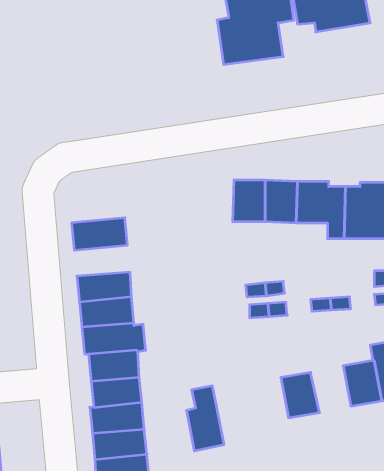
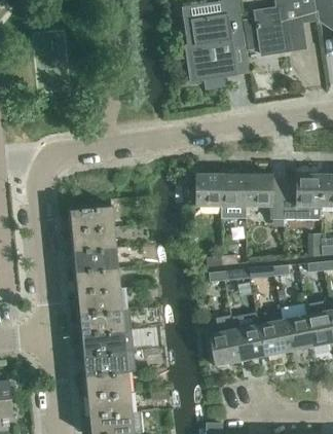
building: none -> [71,224,115,249]
building: none -> [258,311,290,357]
building: [186,386,224,451] -> [211,315,240,366]

